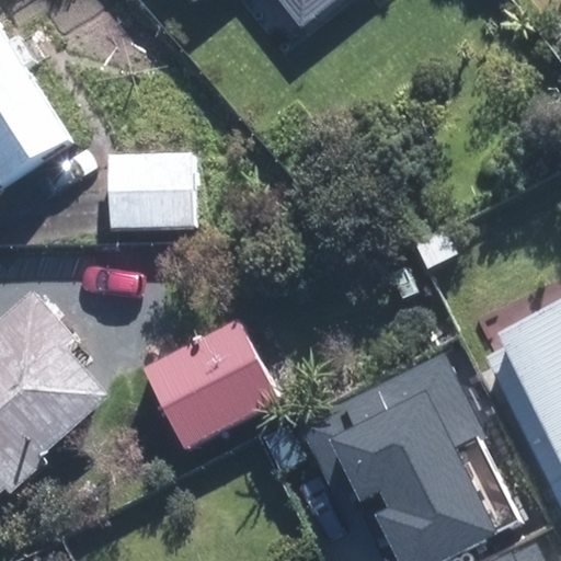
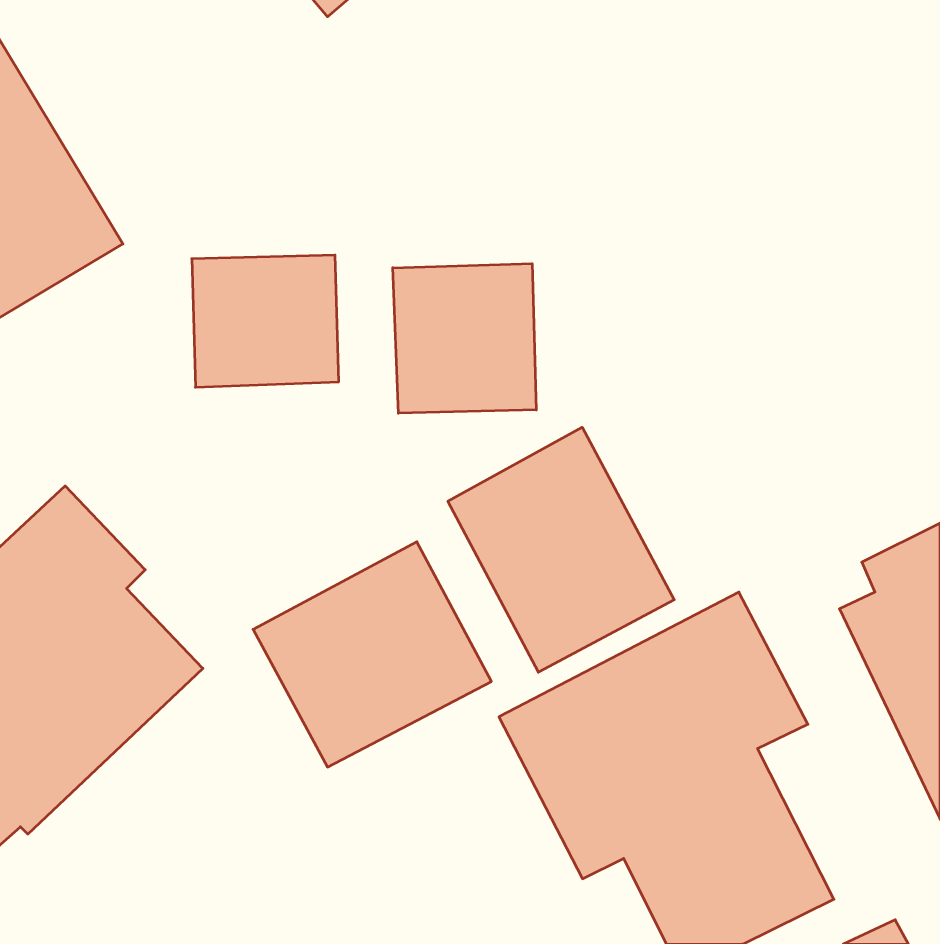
building: none -> [393,264,536,413]
building: none -> [448,427,674,672]

